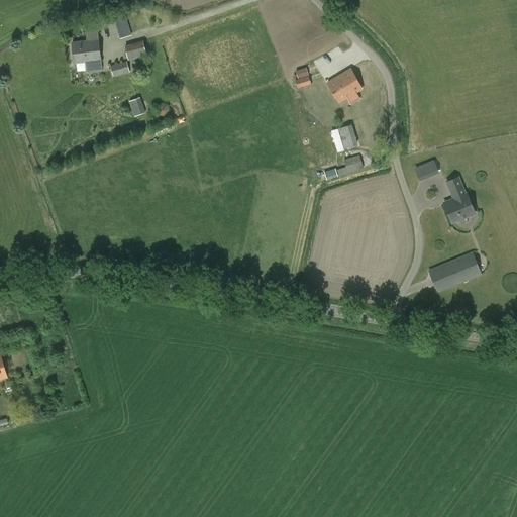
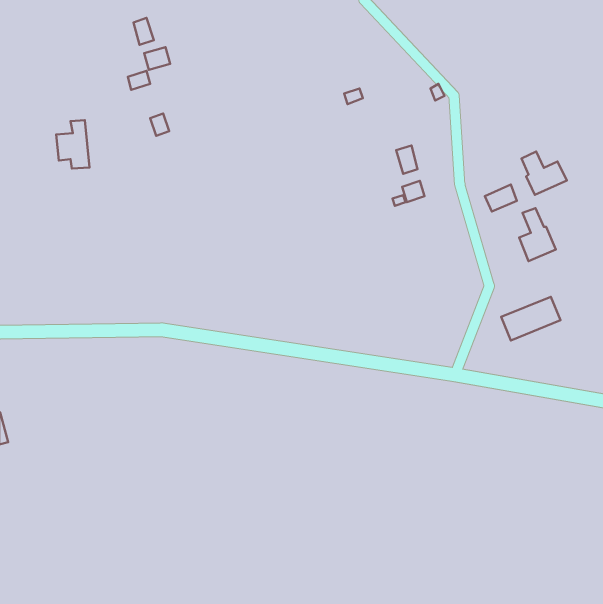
building: [72,29,100,71] -> [56,120,89,169]
building: [326,69,361,103] -> none
building: none -> [521,151,567,195]

